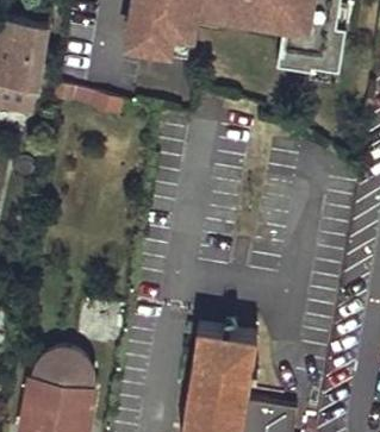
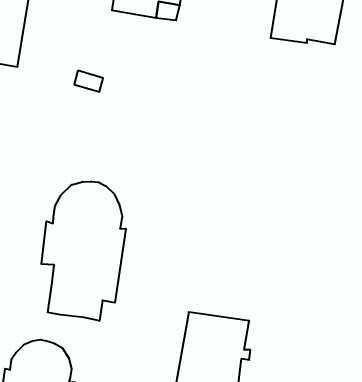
building: none -> [41,181,126,321]

